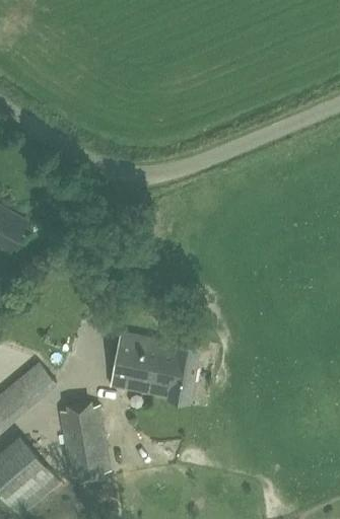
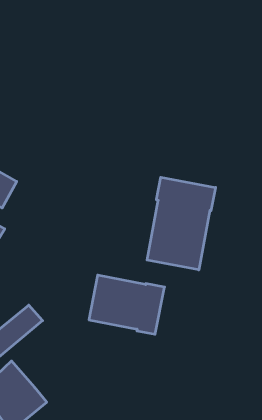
building: none -> [147,177,216,270]
building: [58,405,111,478] -> none

